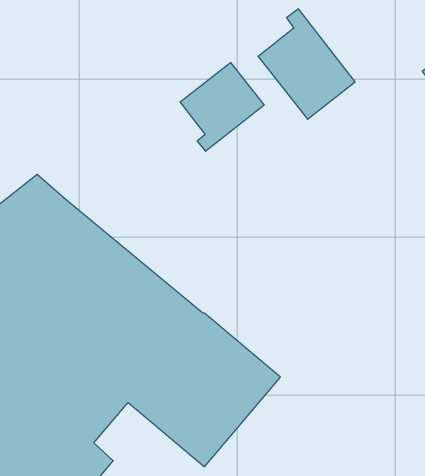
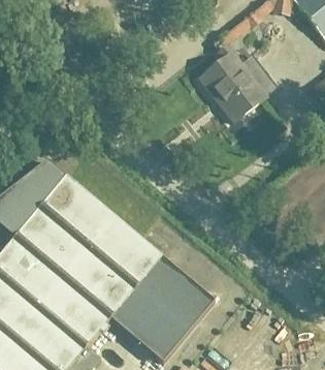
building: [180,63,264,151] -> none

